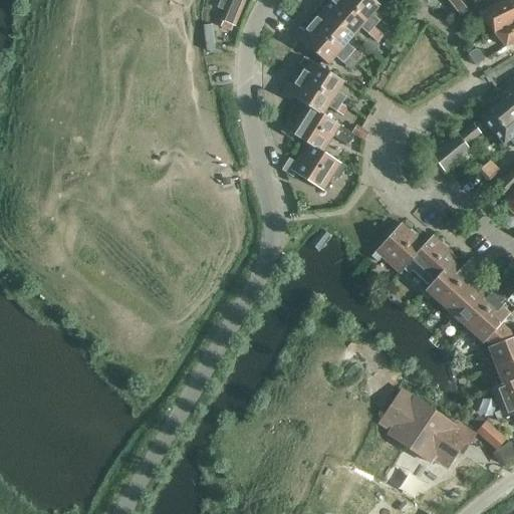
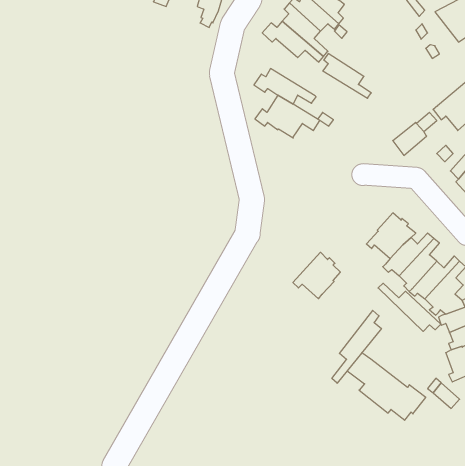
building: [299,56,352,105] -> [323,54,371,98]
building: [283,142,346,190] -> none
building: [372,222,425,273] -> [293,252,340,299]
building: none -> [378,283,441,331]
building: none -> [332,310,381,383]

